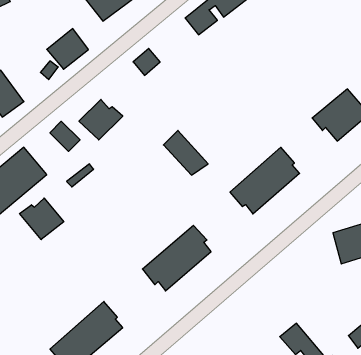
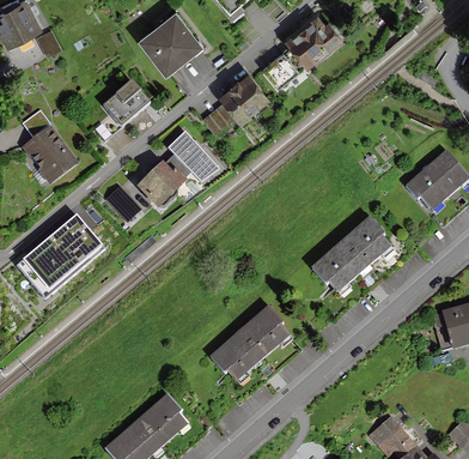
building: none -> [215,71,268,122]
building: [163,130,208,175] -> [165,132,217,183]
building: [20,198,64,240] -> none

